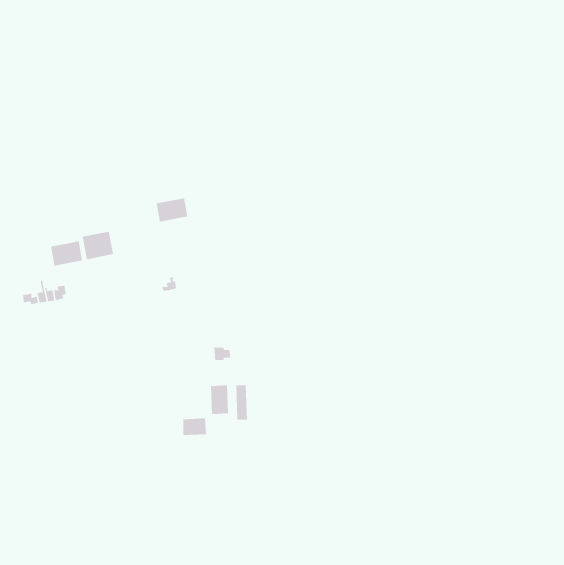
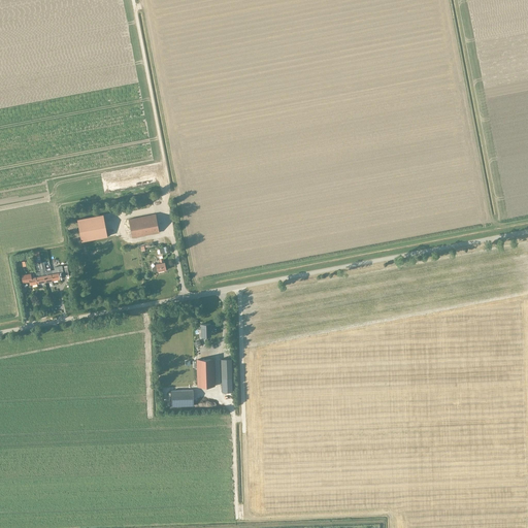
building: [156,198,188,222] -> [128,214,158,237]
building: [51,241,83,266] -> none

